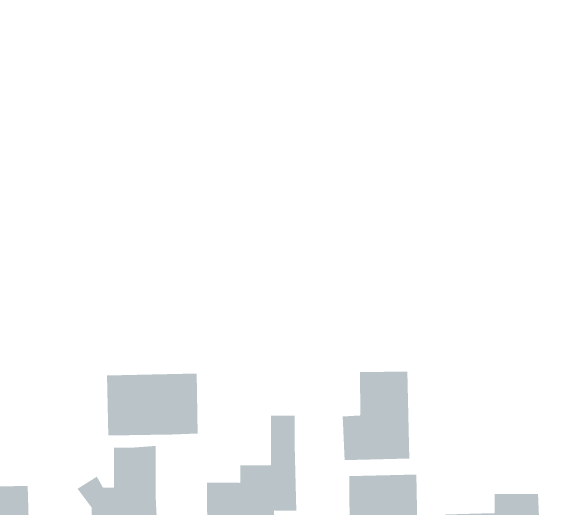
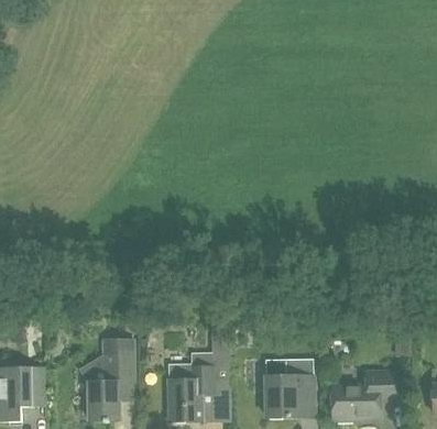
building: [342,371,410,461] -> none
building: [107,373,198,436] -> none

